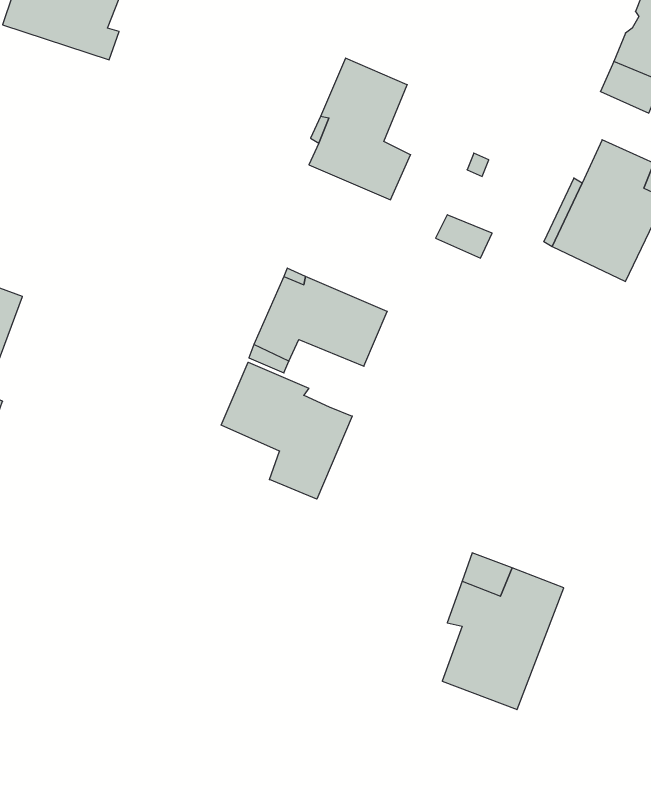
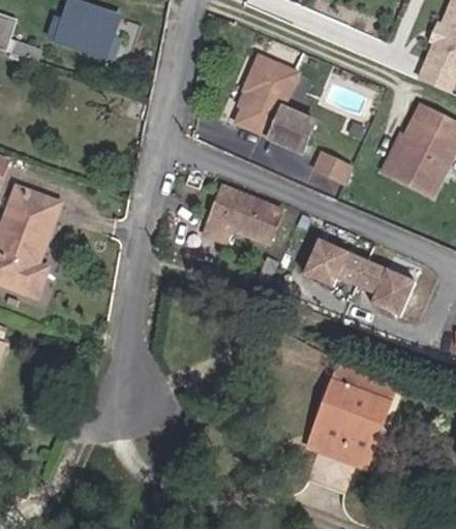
building: none -> [305,239,418,313]
building: [221,362,352,499] -> none
building: none -> [307,406,366,470]

